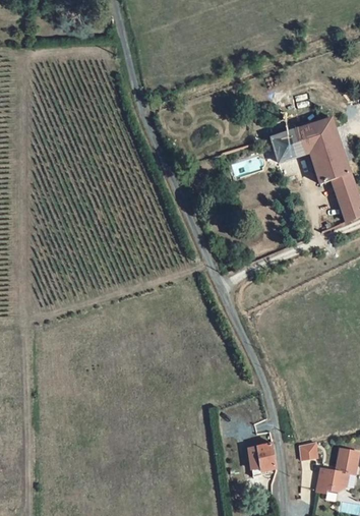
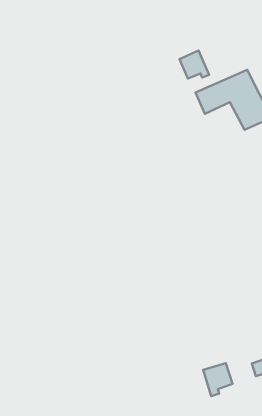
building: none -> [180,51,209,78]

